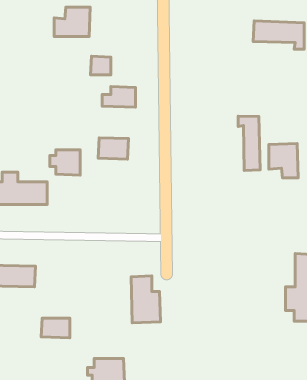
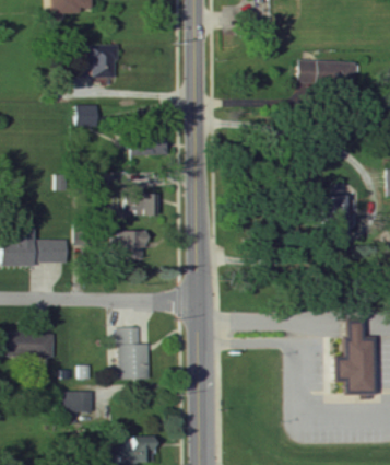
building: [90,56,111,75] -> [75,104,98,125]
building: [238,116,260,171] -> none
building: [50,150,80,175] -> [113,230,146,258]
building: [131,276,161,323] -> [118,326,151,379]

